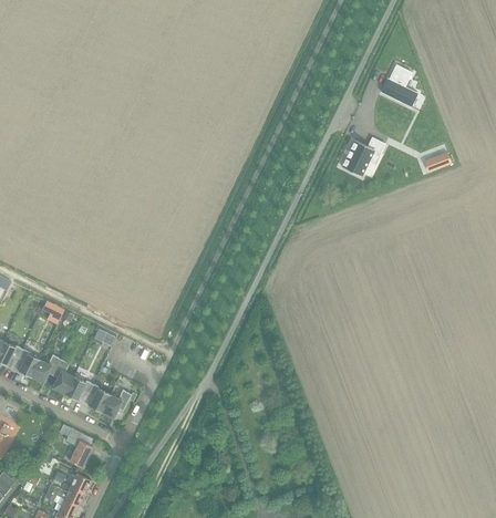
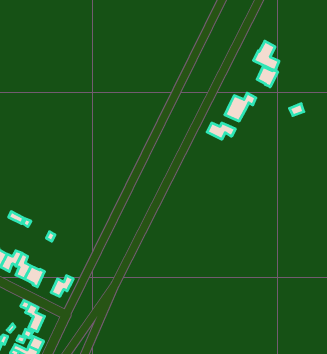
building: none -> [257,67,278,87]
building: none -> [207,123,235,139]
building: [81,384,109,413] -> none

